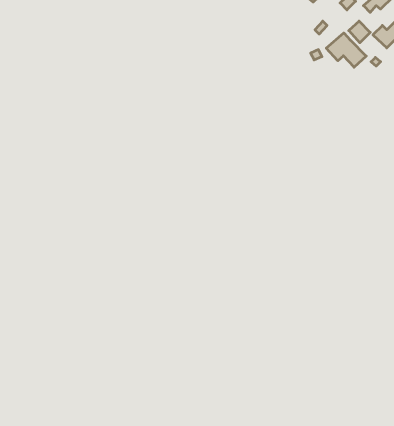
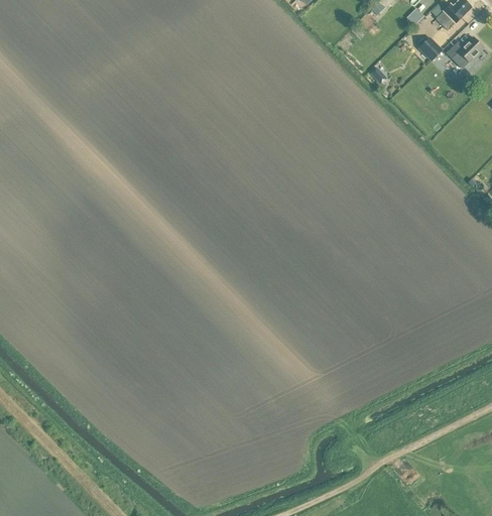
building: [326,33,366,67] -> none

